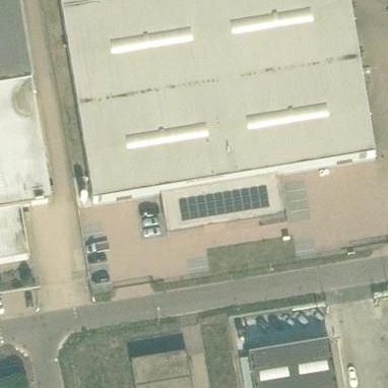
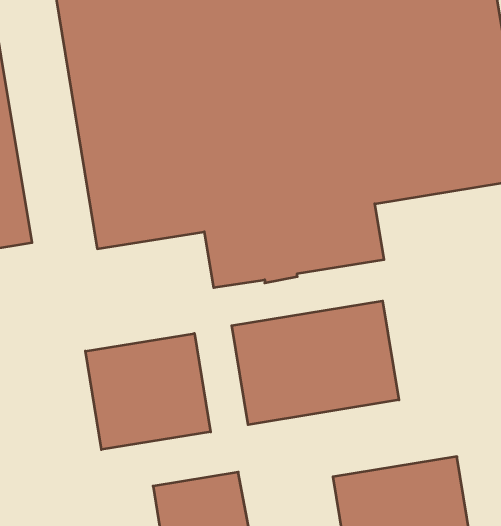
building: none -> [232,301,399,425]
building: none -> [85,333,211,450]

